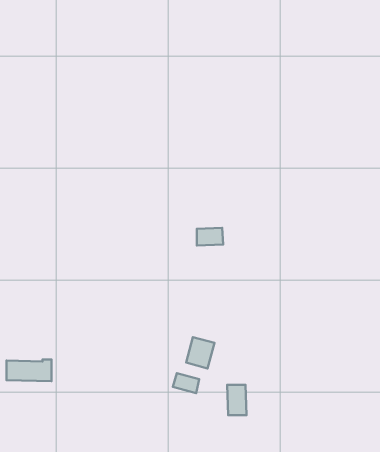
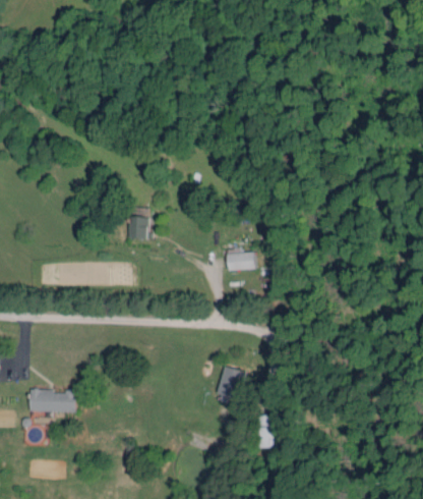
building: none -> [130,217,152,239]
building: [173,373,199,393] -> none

